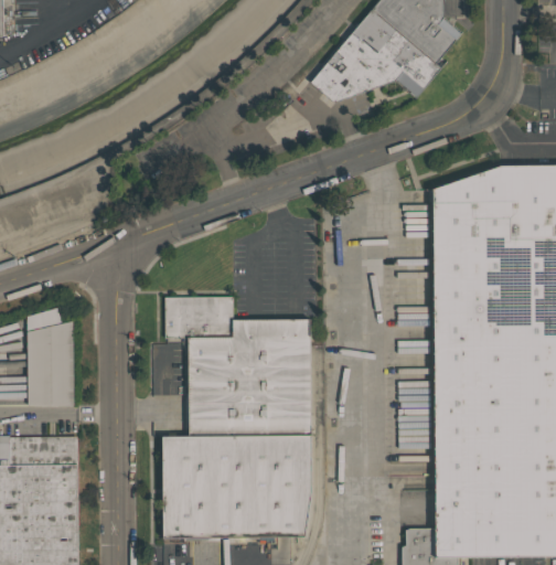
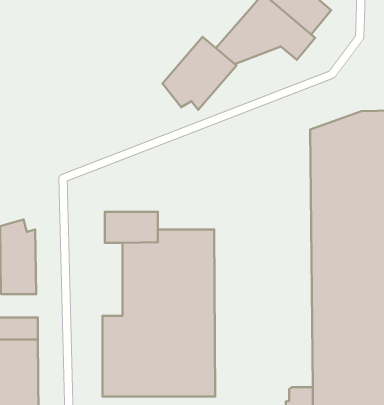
building: none -> [162,37,236,110]

